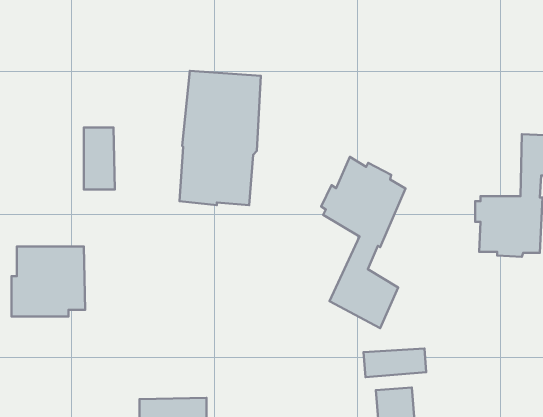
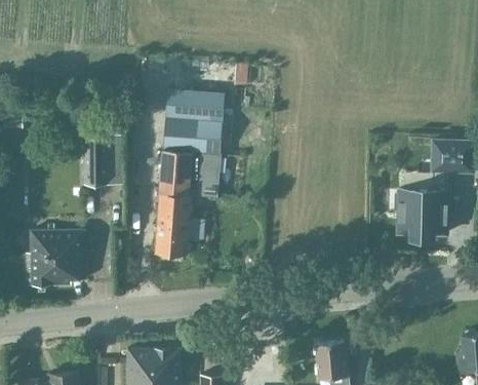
building: [321,157,406,328] -> none
building: none -> [155,193,190,256]
building: [364,348,426,377] -> none

